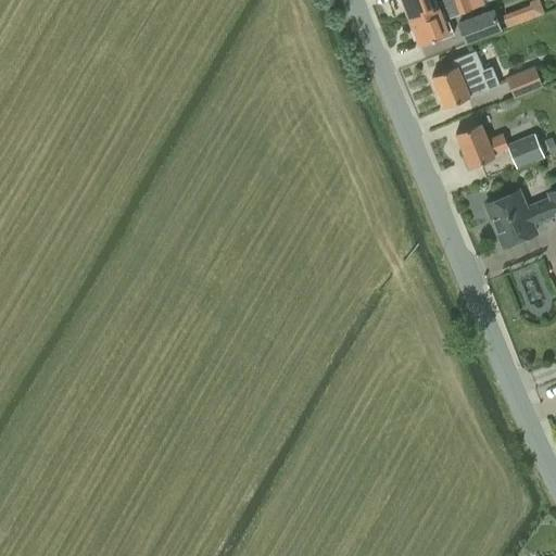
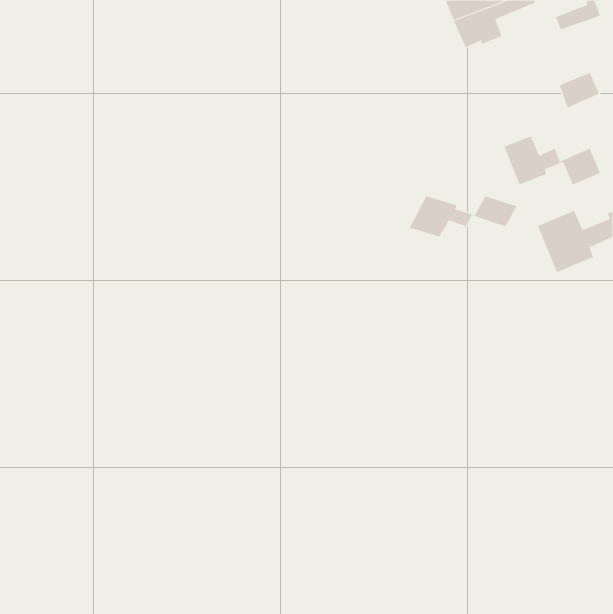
building: [457,10,500,43] -> none
building: [432,50,498,108] -> none
building: none -> [409,196,517,237]

